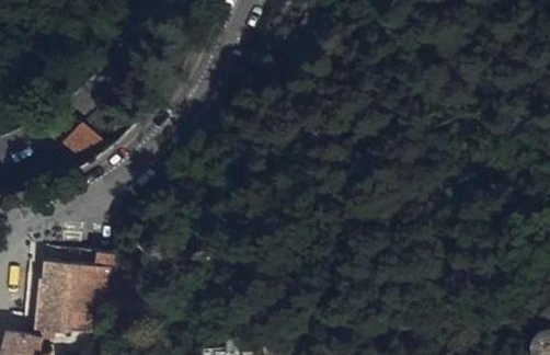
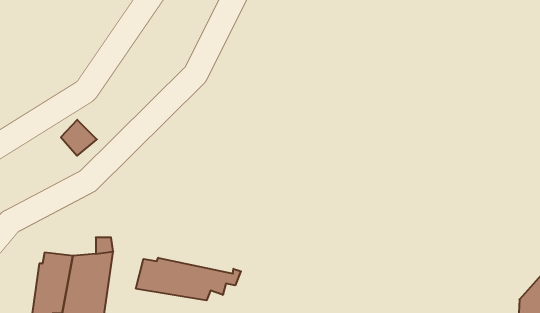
building: none -> [136,258,241,300]

